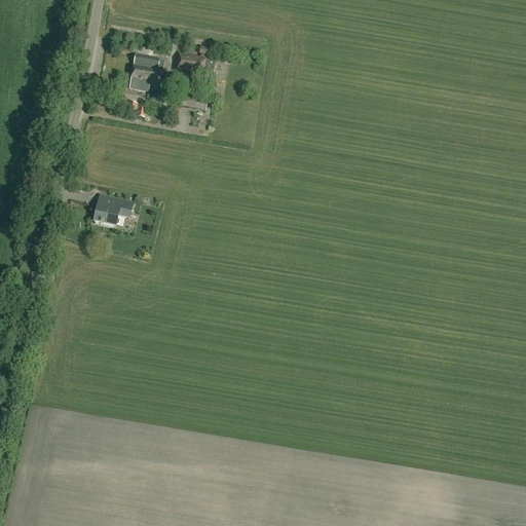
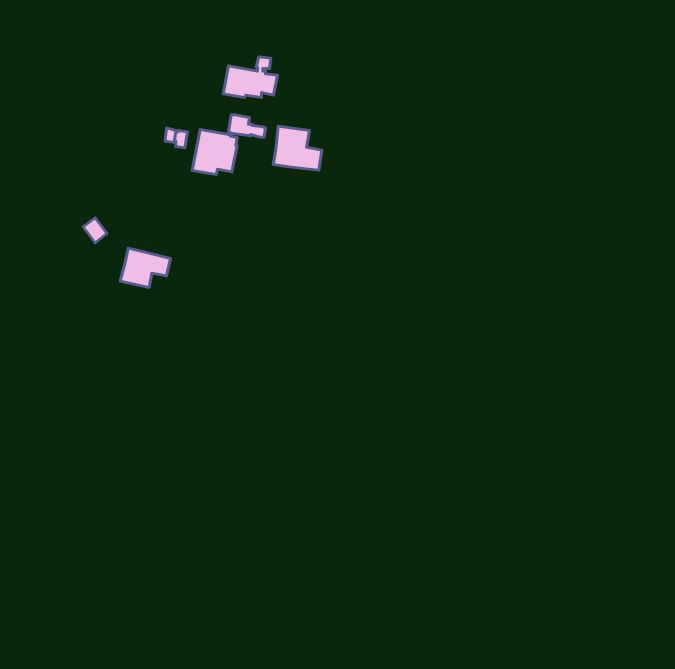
building: [129,53,164,88] -> [192,130,237,174]
building: none -> [273,126,322,170]

